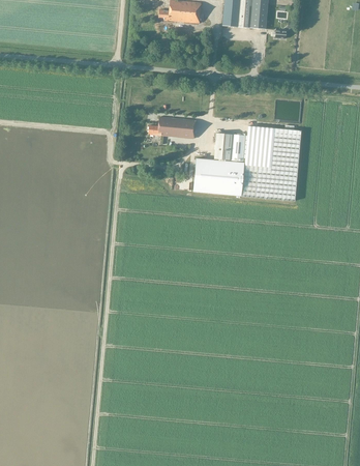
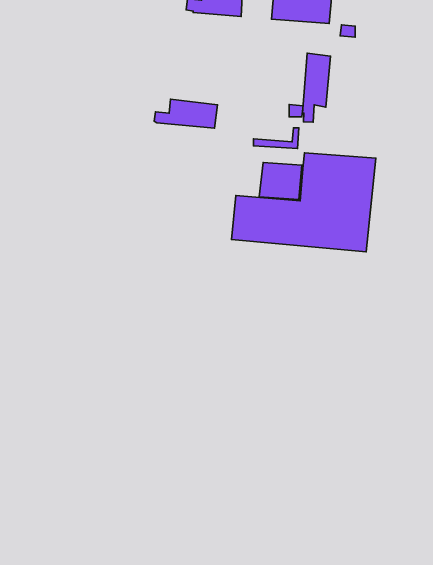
building: none -> [303,53,330,122]
building: [148,116,196,138] -> [154,99,217,128]

